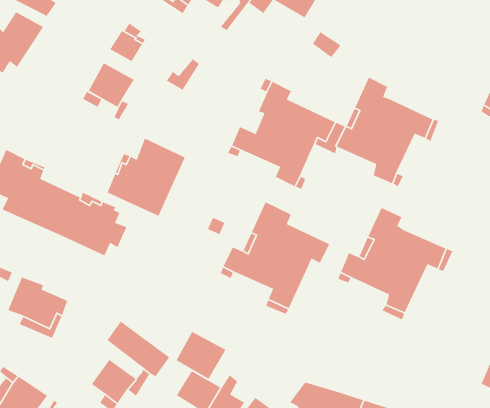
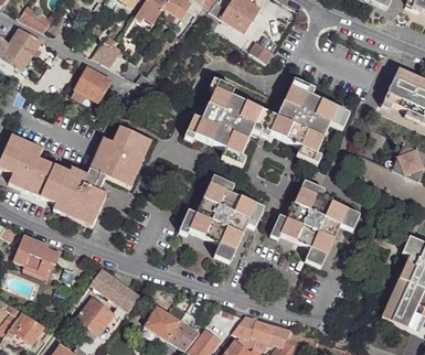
building: [176,331,226,380] -> none

